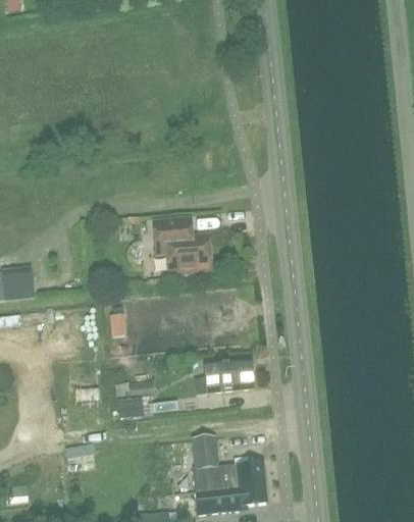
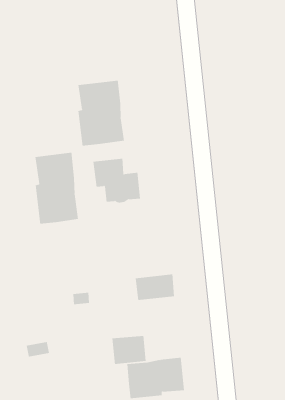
building: none -> [78,80,125,147]
building: none -> [35,152,79,225]

